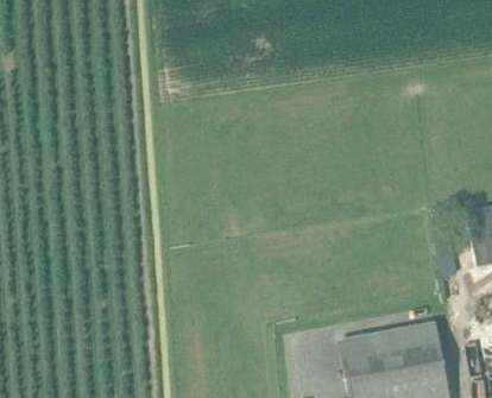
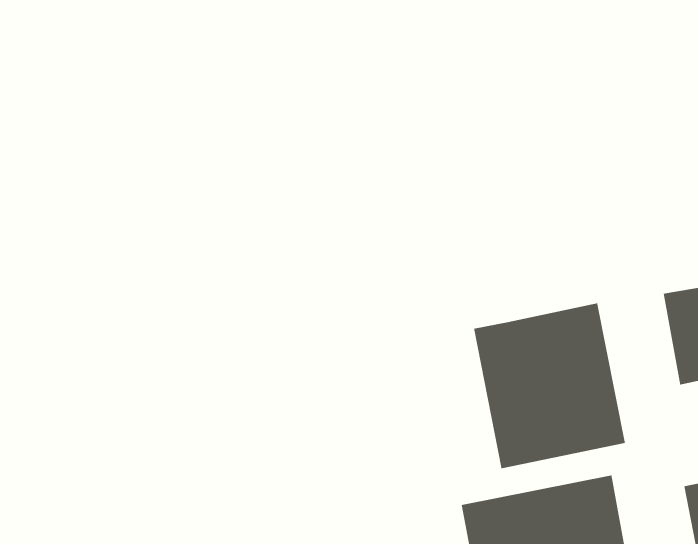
building: none -> [473,302,625,469]

